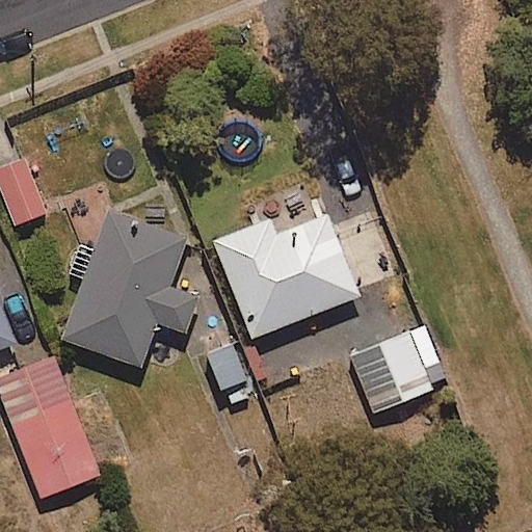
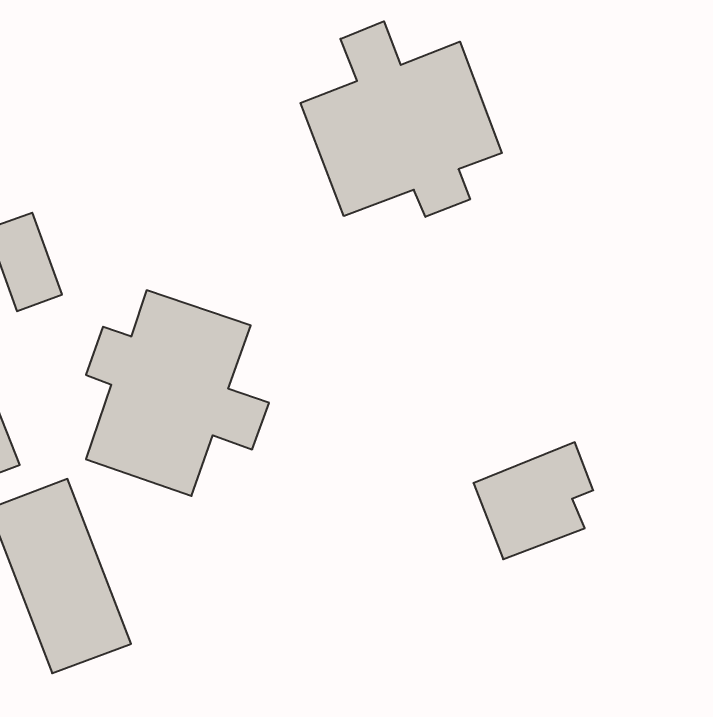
building: none -> [300,21,502,217]
building: [214,212,363,338] -> none

